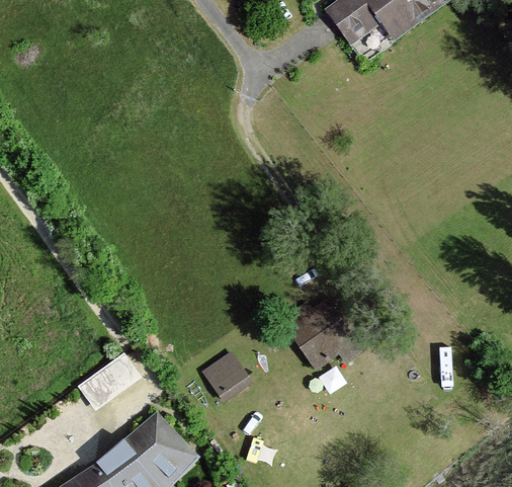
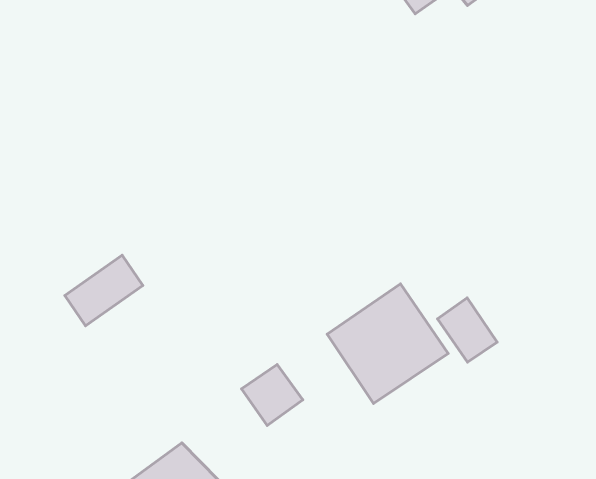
building: none -> [438,298,497,362]
building: [81,347,146,406] -> [65,255,143,326]

